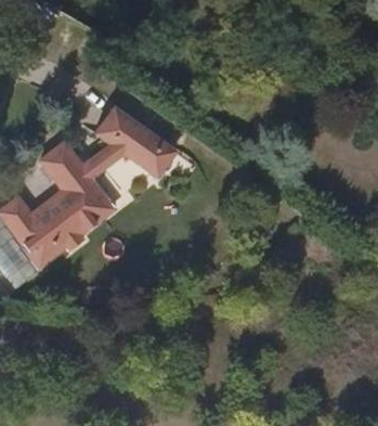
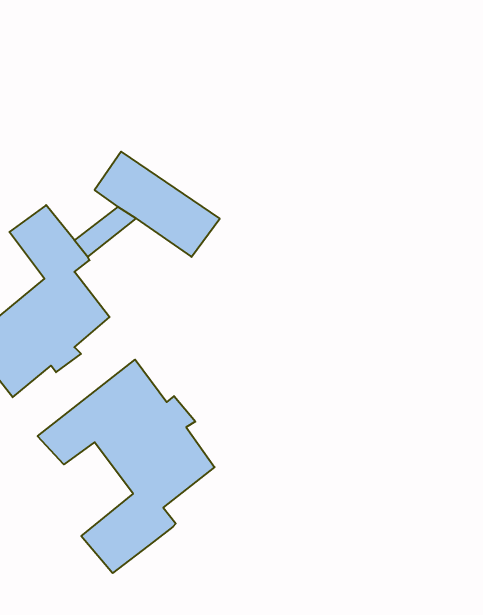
building: none -> [38,360,215,573]

